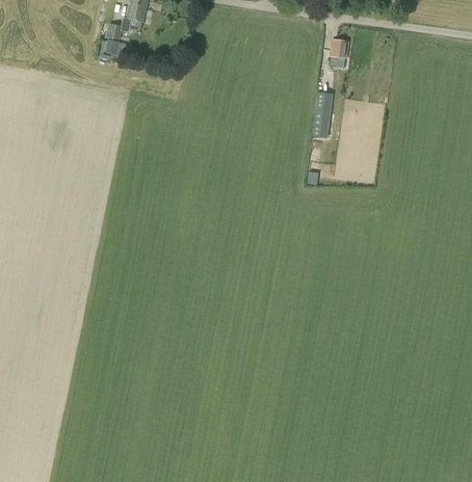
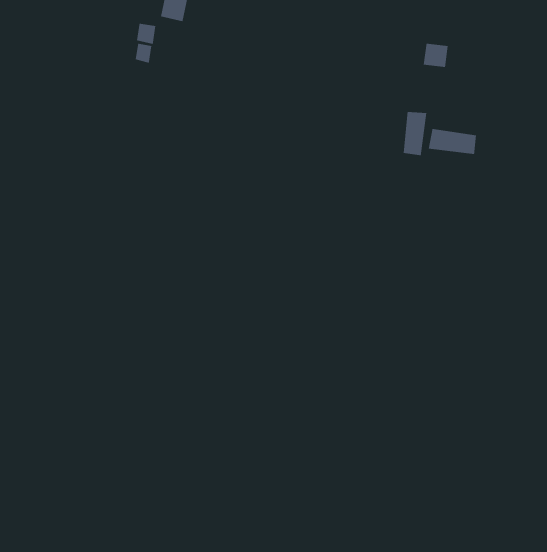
building: none -> [428,128,477,155]

